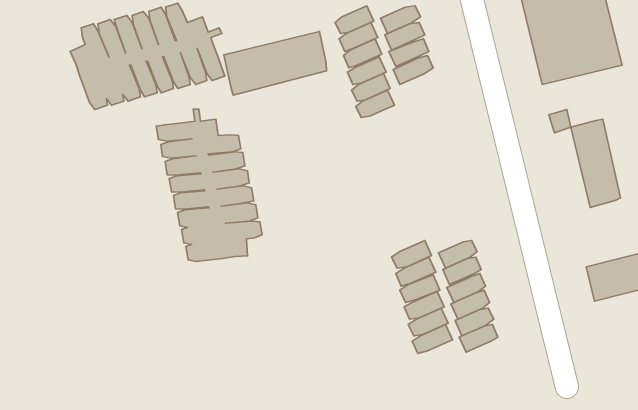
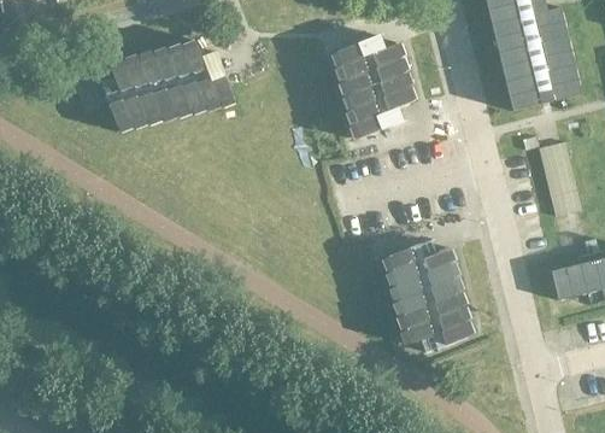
building: [224,31,326,95] -> none
building: [156,109,262,262] -> none

